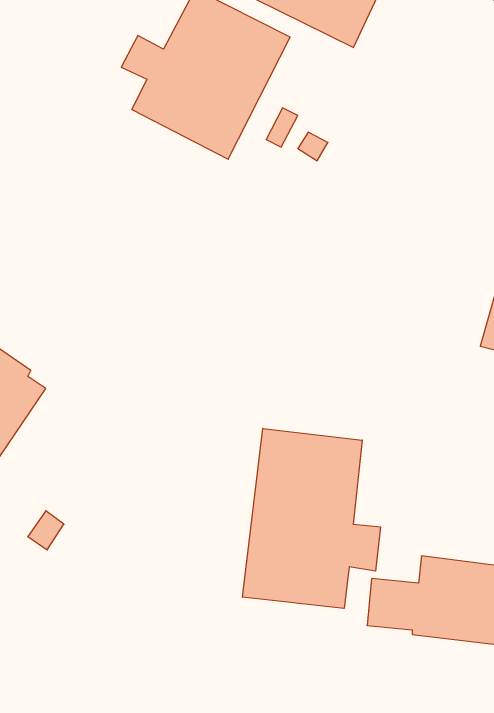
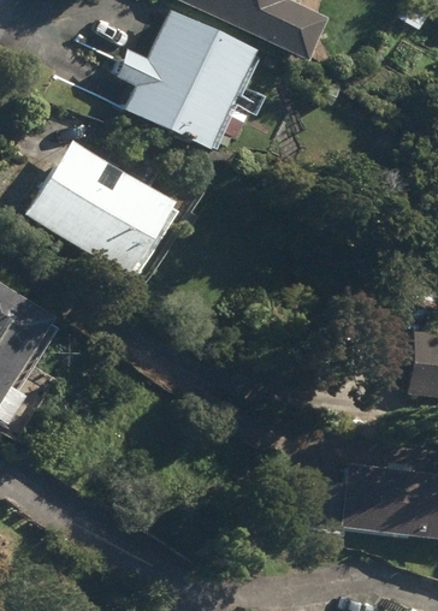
building: none -> [28,140,172,272]
building: [243,428,380,608] -> none

